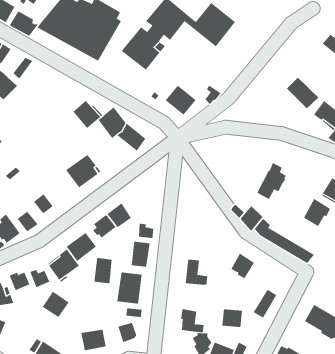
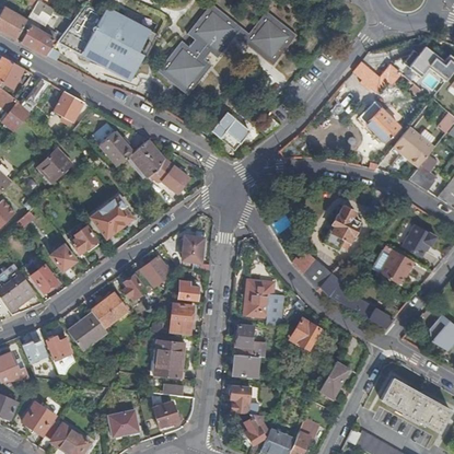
building: none -> [353,61,401,90]
building: none -> [53,92,84,123]
building: none -> [39,147,72,181]
building: none -> [70,225,98,254]
building: none -> [183,236,205,263]
building: none -> [242,282,283,326]
building: [94,257,112,284] -> none
building: [42,291,70,318] -> [22,401,56,434]
building: [221,309,243,328] -> [233,354,259,377]

